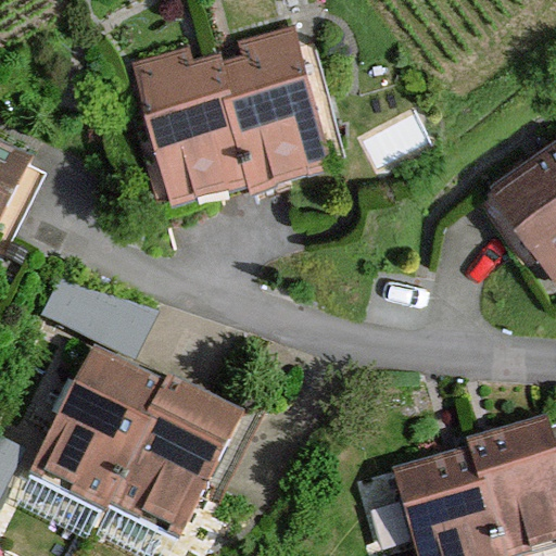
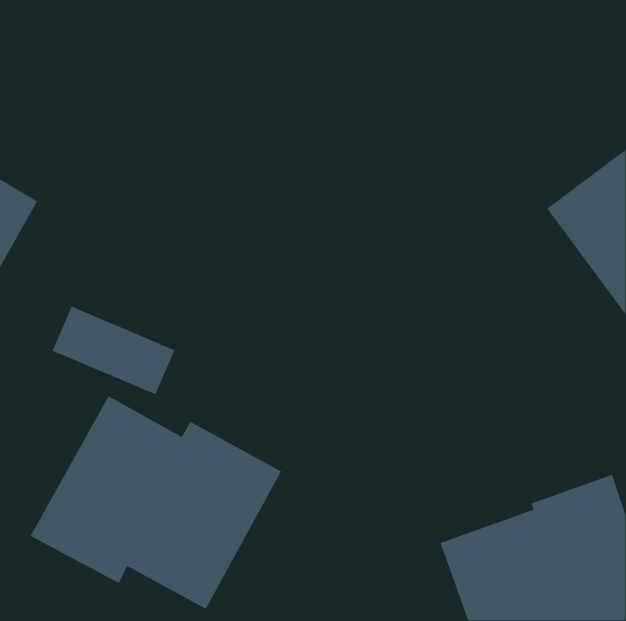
building: [132,23,331,211] -> none

